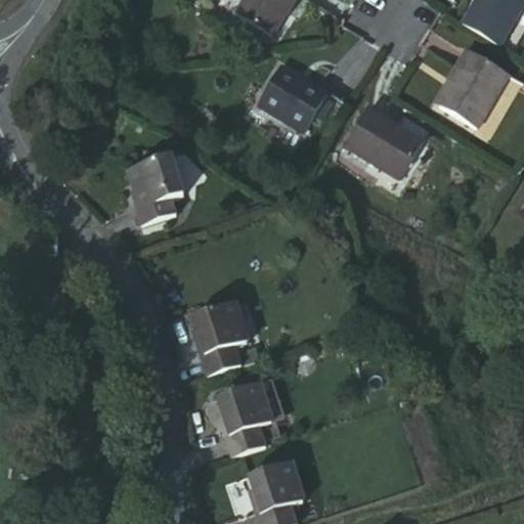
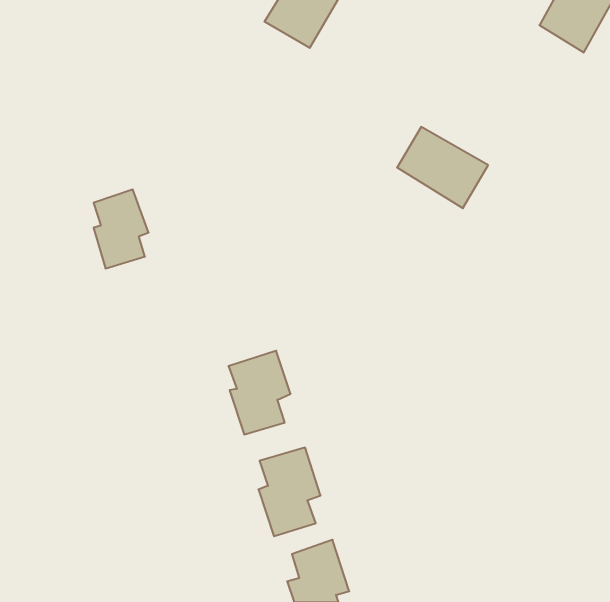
building: [440,47,513,122] -> none
building: [254,62,328,131] -> none
building: [136,159,183,226] -> [94,190,149,268]

